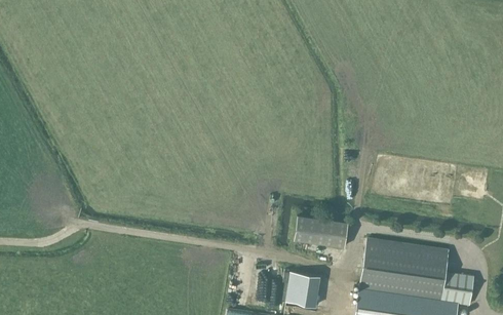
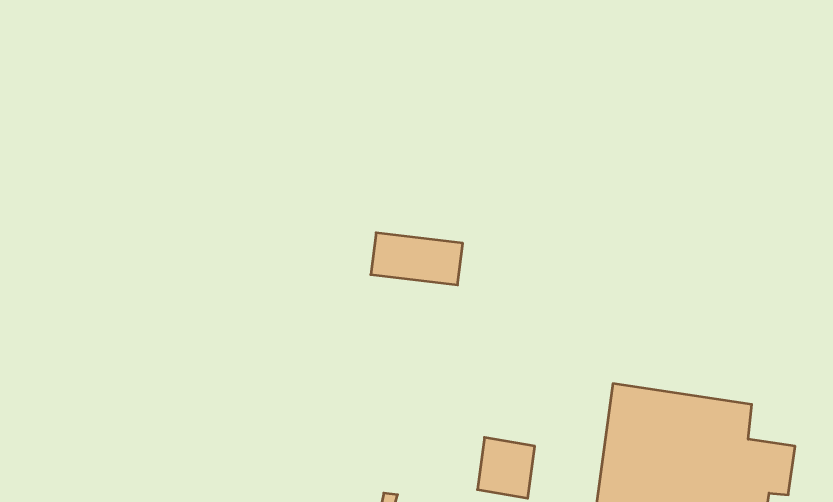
building: [292,219,346,249] -> [371,233,463,285]

